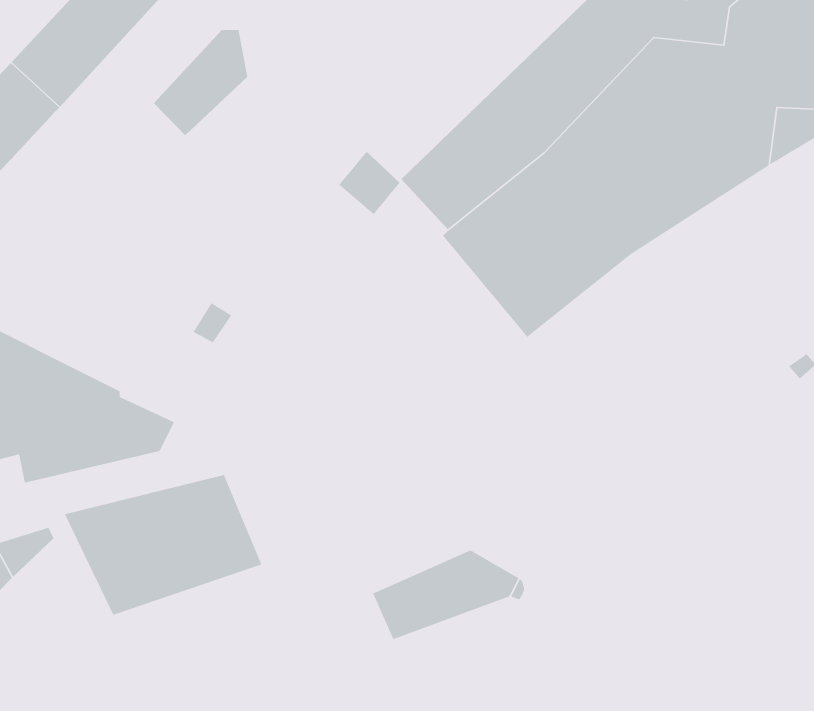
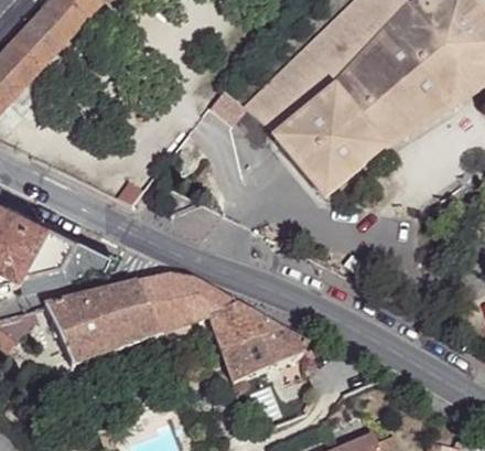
building: [153,29,248,136] -> none
building: none -> [137,273,280,352]

